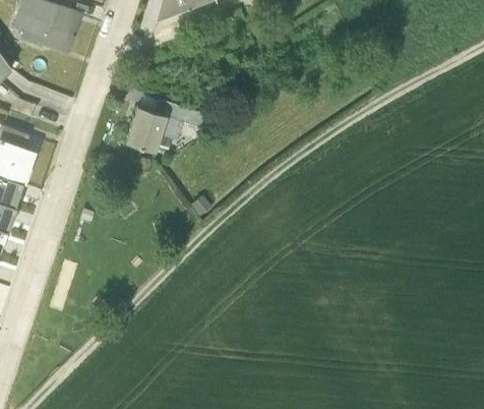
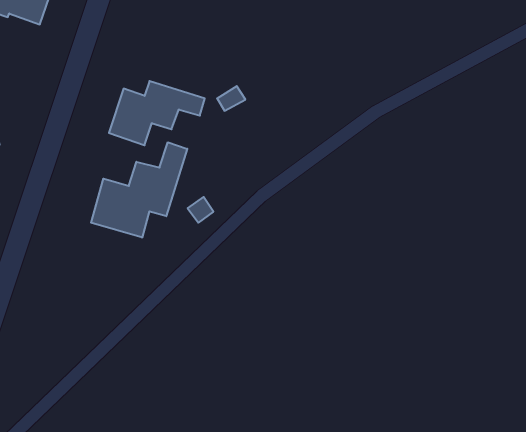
building: none -> [91,142,187,238]

